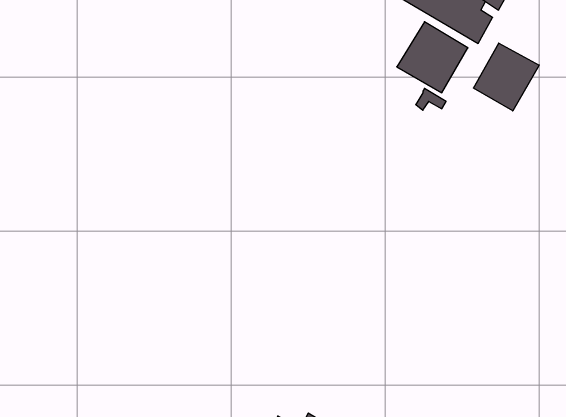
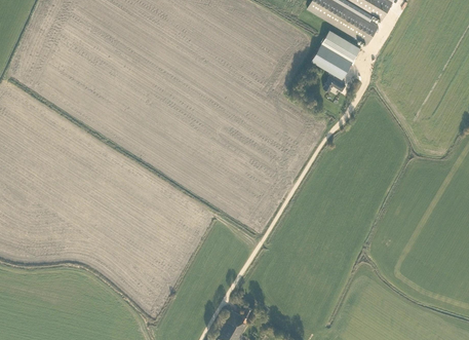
building: [473,43,539,111] -> none

